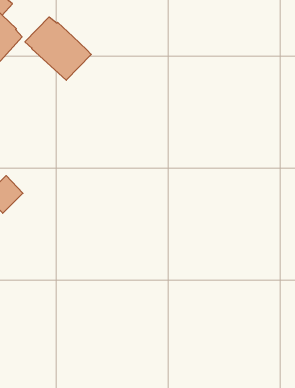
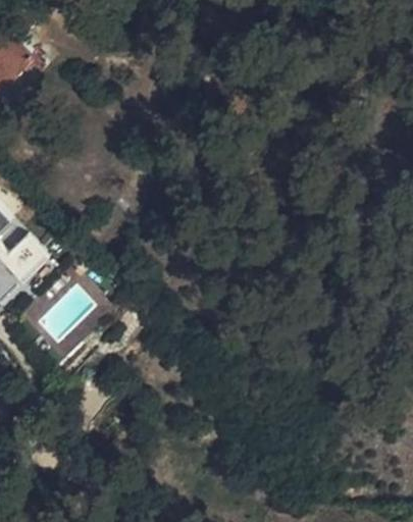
building: [25,17,91,80] -> none

